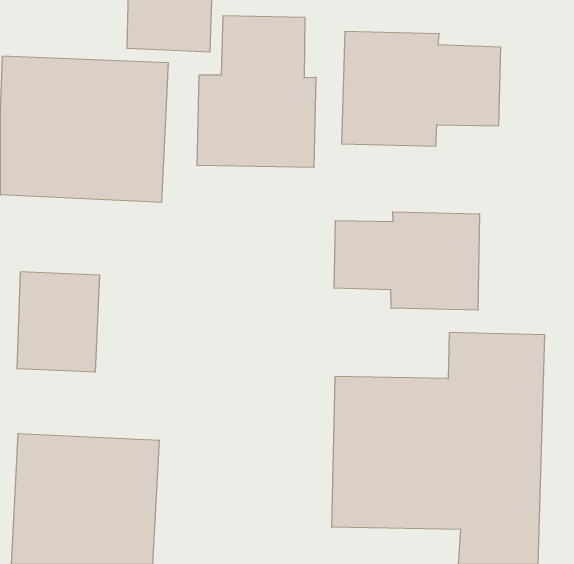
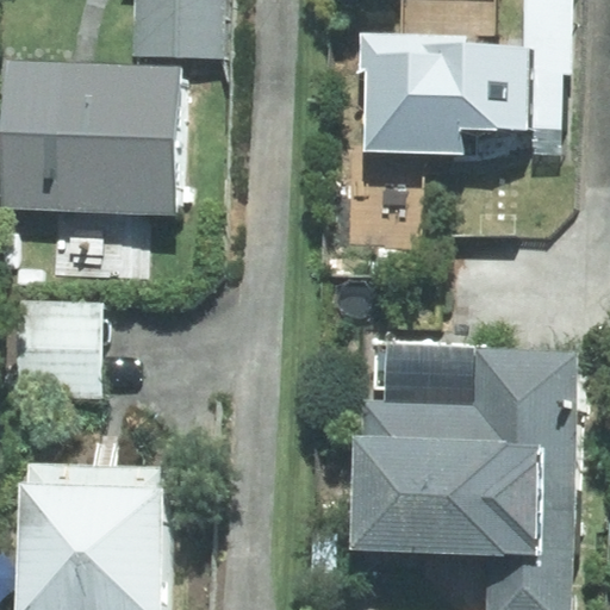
building: [197,16,316,168] -> none
building: [334,212,480,310] -> none

